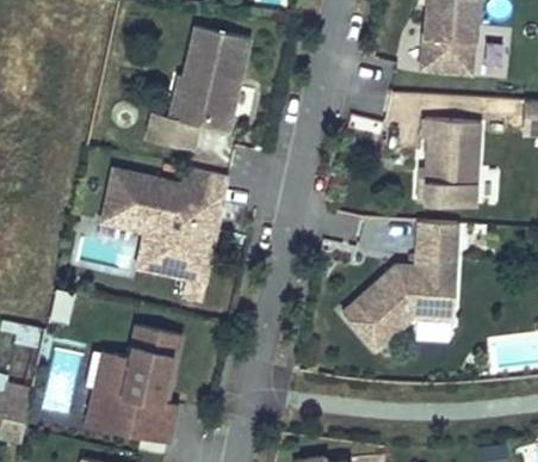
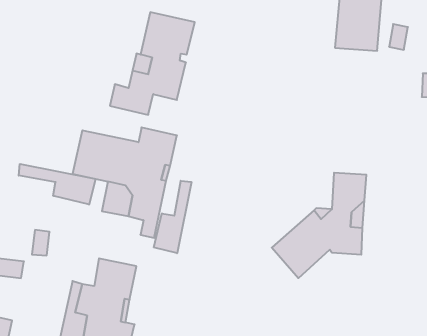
building: [421,117,478,204] -> none
building: none -> [19,164,96,205]
building: none -> [154,181,191,253]

